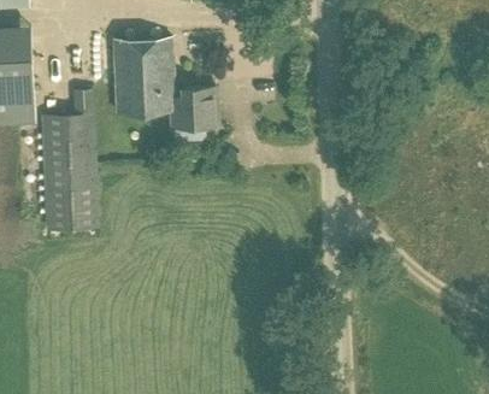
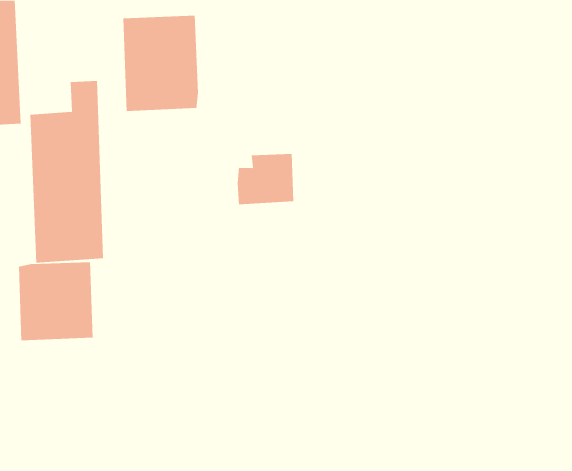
building: [171,88,216,128] -> [237,154,294,205]
building: none -> [19,261,93,341]

